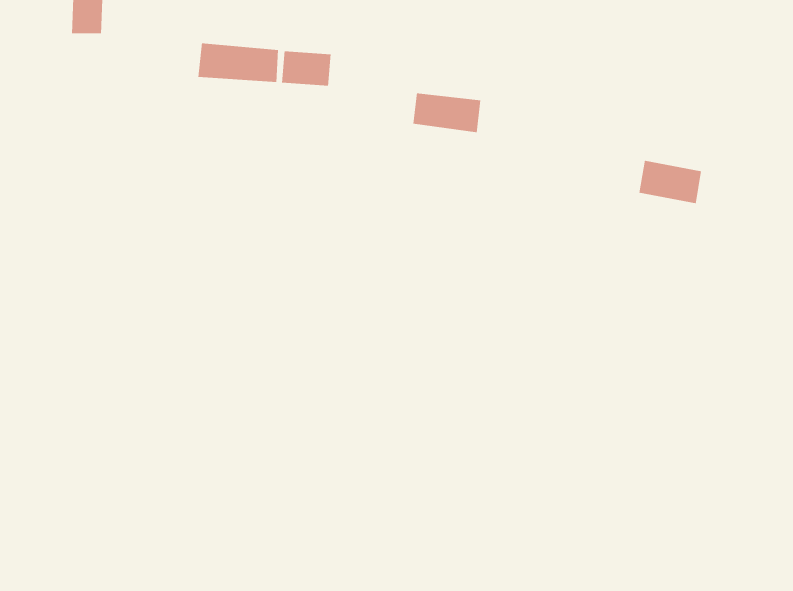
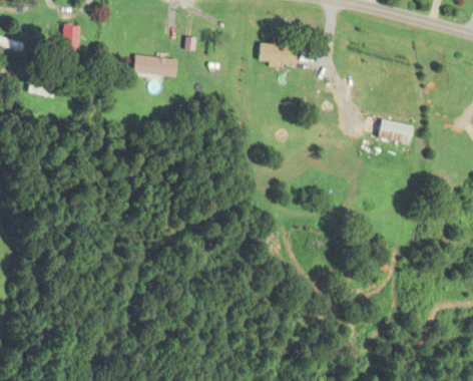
building: [281,51,331,87] -> none
building: [412,93,481,133] -> [258,42,296,64]

